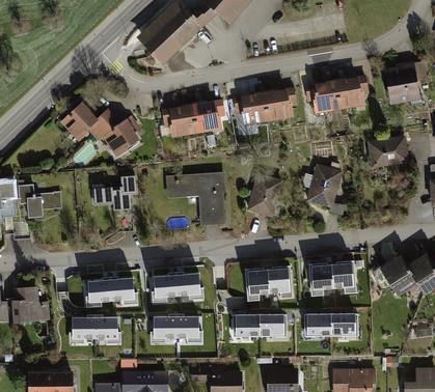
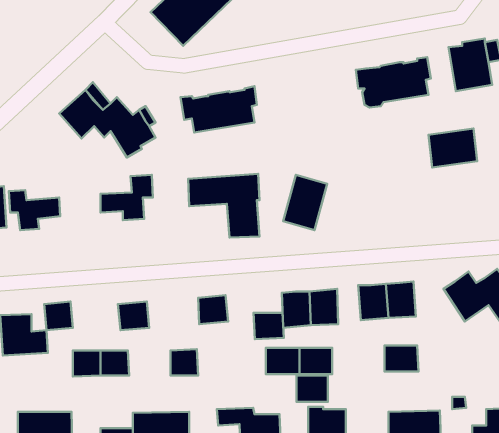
building: [233,88,297,127] -> none
building: [306,165,343,209] -> none
building: [153,275,176,299] -> none
building: [87,280,111,304] -> [44,302,73,330]
building: [304,314,330,336] -> [297,375,328,402]
building: [174,317,199,339] -> [254,313,284,339]

